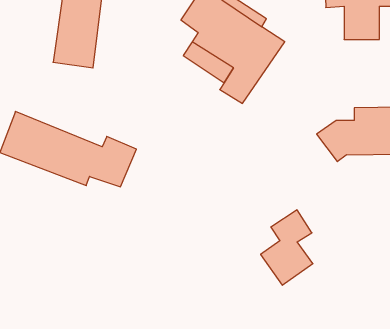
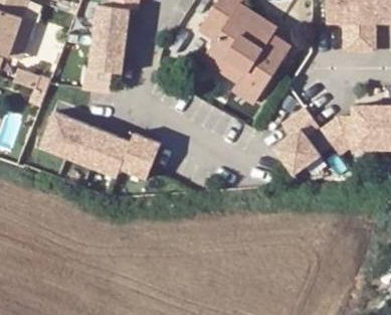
building: [261,210,313,285] -> [273,107,320,173]

